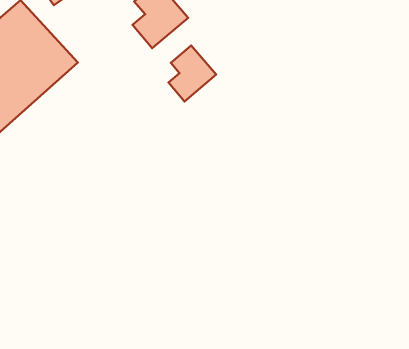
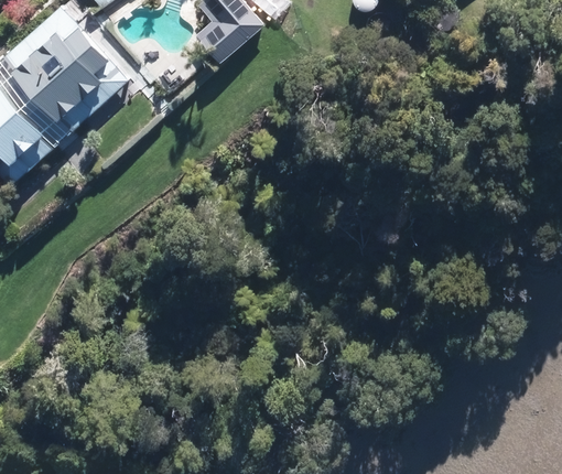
building: [168,45,216,101] -> none

